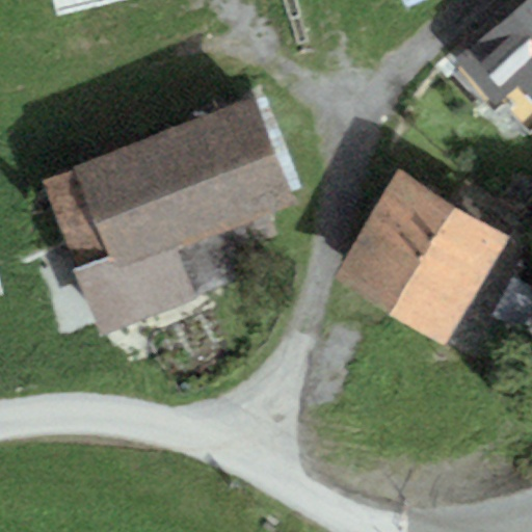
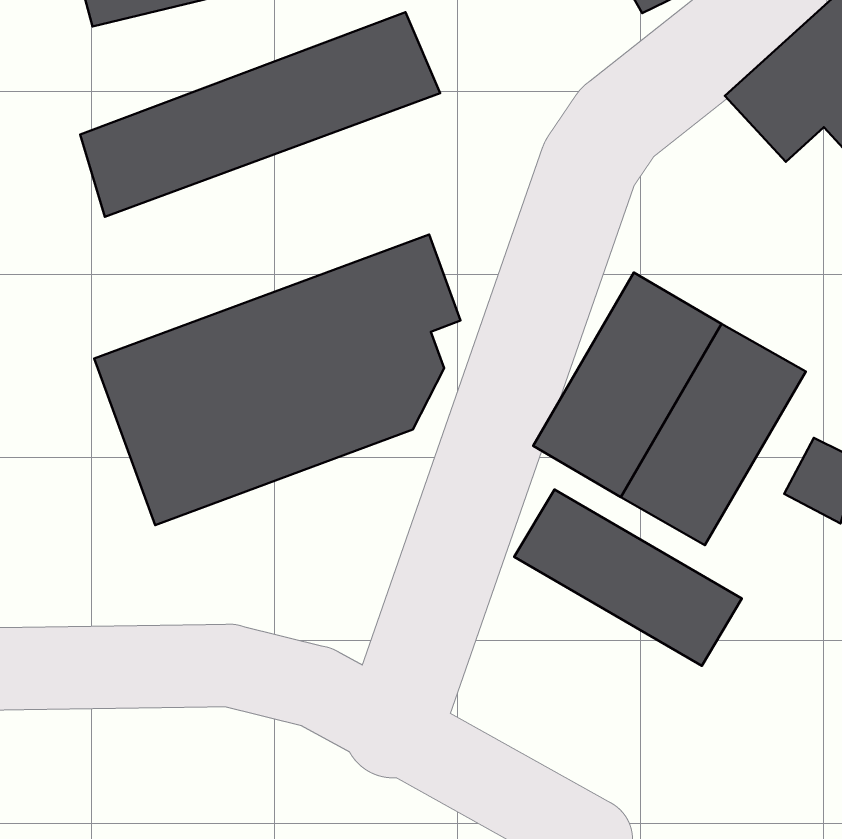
building: [45,97,271,225] -> [80,12,440,217]
building: none -> [514,489,742,666]

